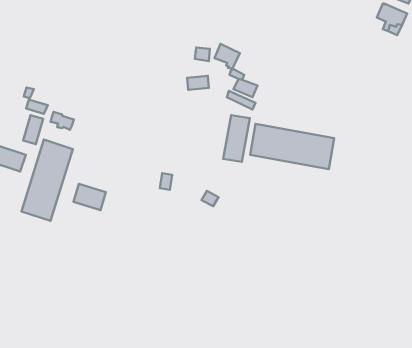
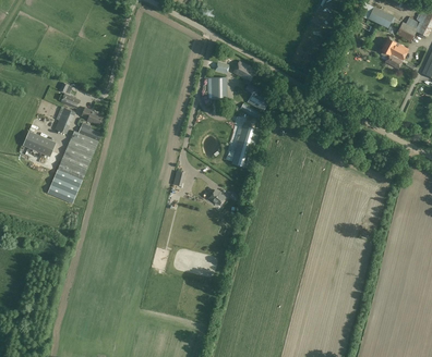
building: [250,124,334,169] -> none
building: [73,184,106,210] -> none

